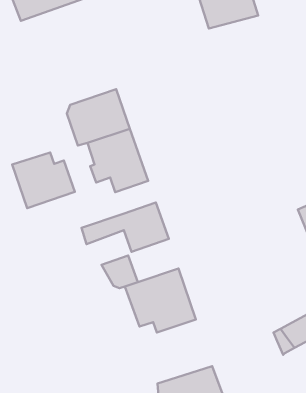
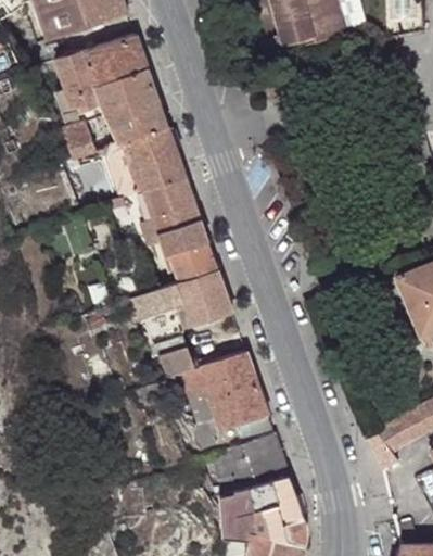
building: none -> [56,34,168,159]
building: [12,153,75,208] -> none
building: none -> [163,241,218,282]
building: none -> [206,431,289,493]

